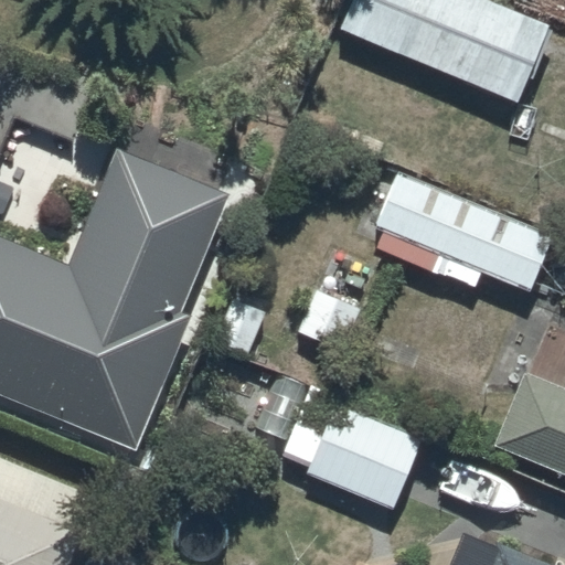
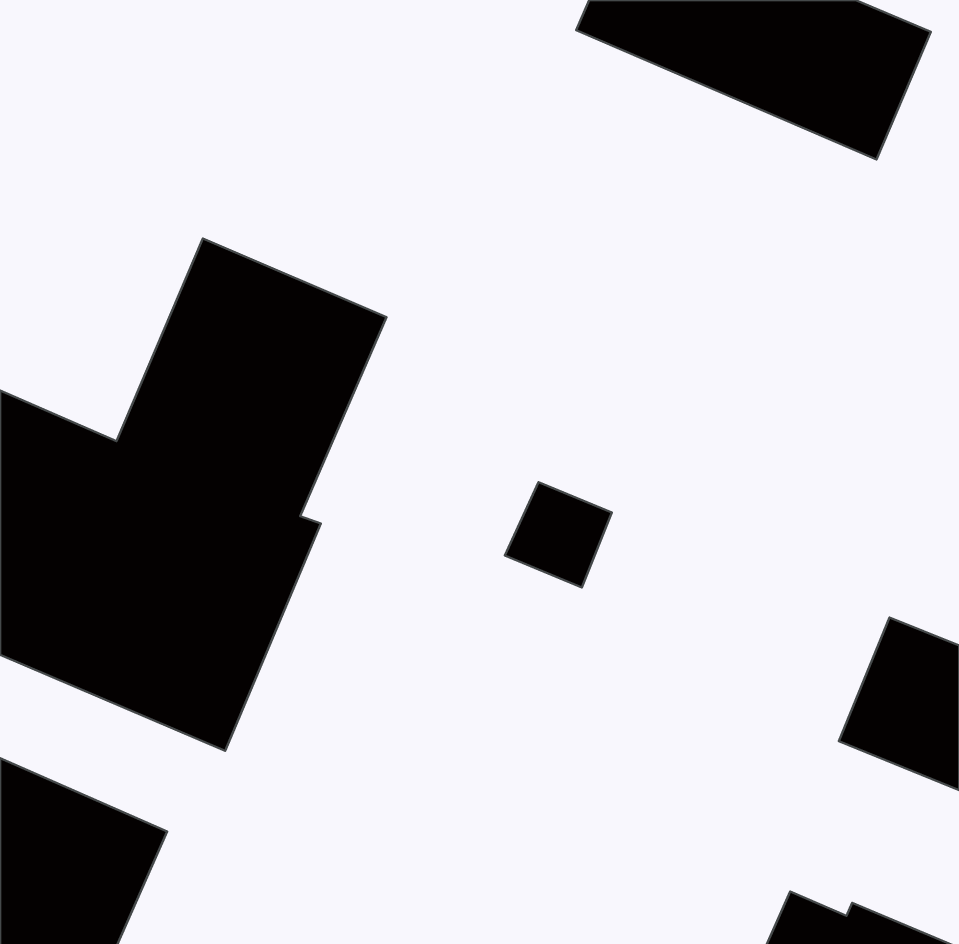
building: [375,172,553,294] -> none
building: [285,386,420,508] -> none

